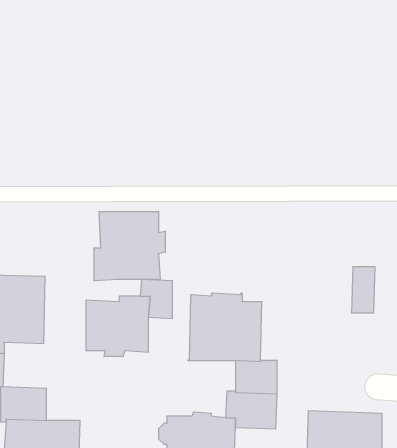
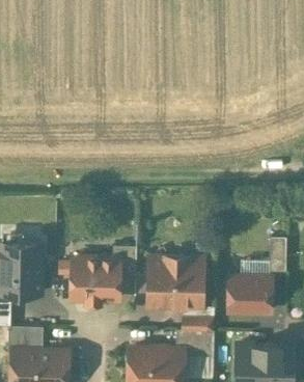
building: [94,211,165,281] -> none
building: none -> [226,276,269,312]

